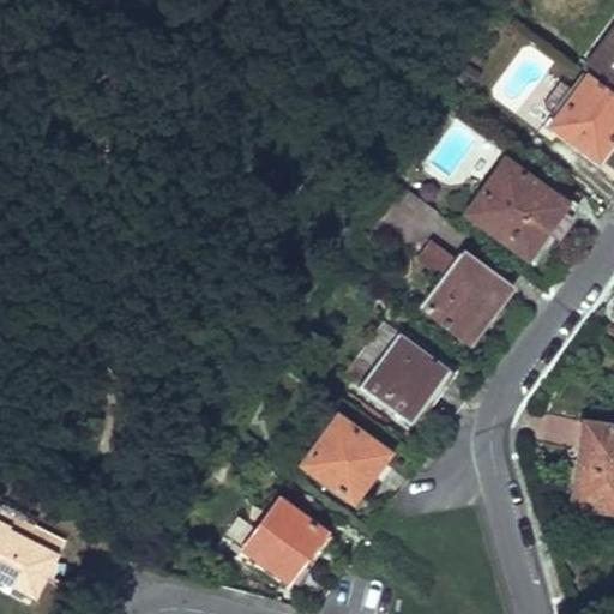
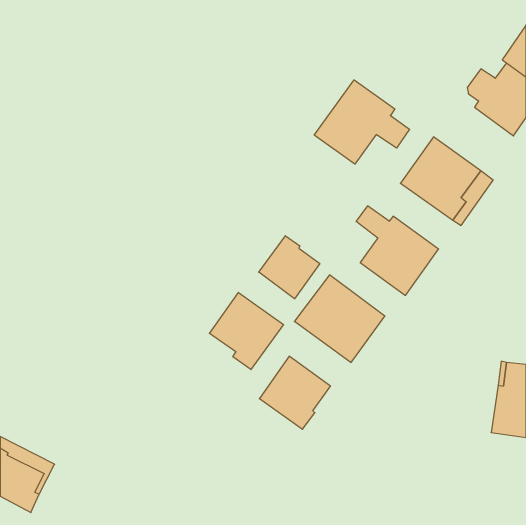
building: none -> [314,80,410,164]
building: none -> [259,236,320,299]
building: none -> [209,292,283,370]
building: [243,500,325,583] -> none

